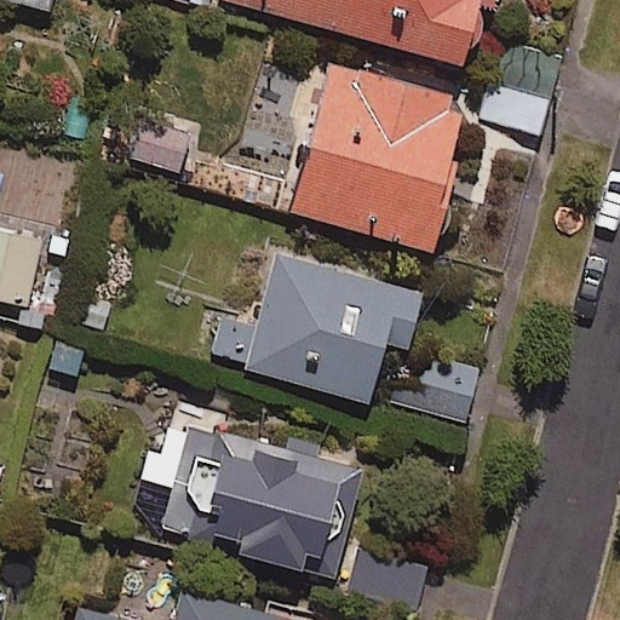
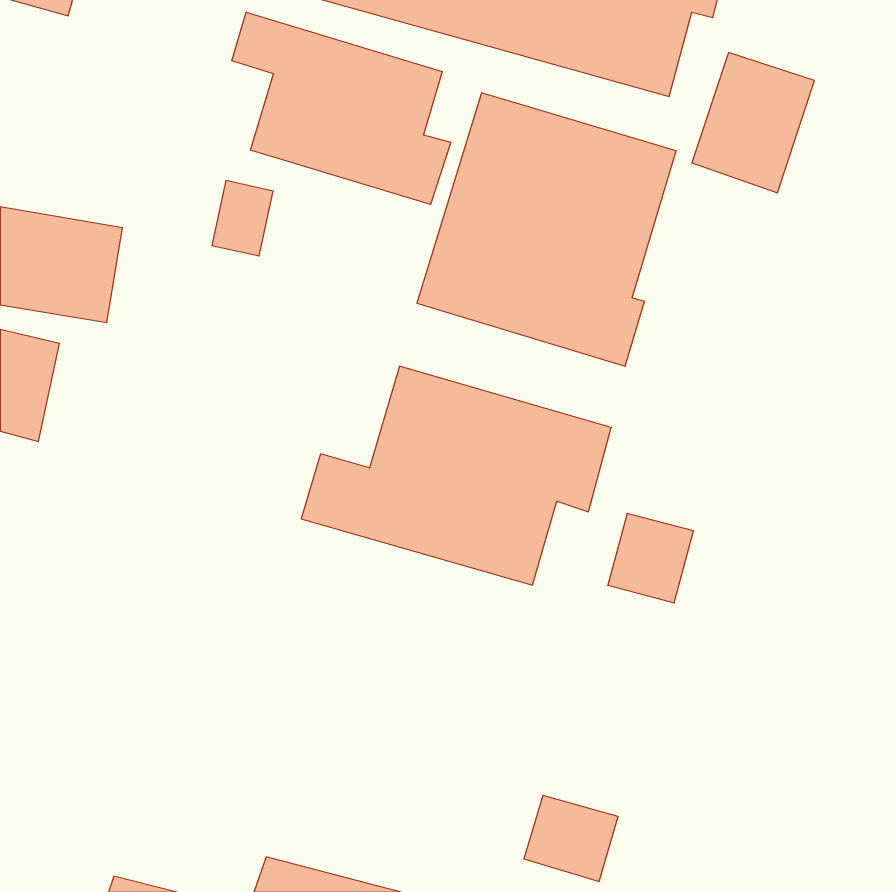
building: none -> [232,12,451,205]
building: [130,394,371,586] -> none

